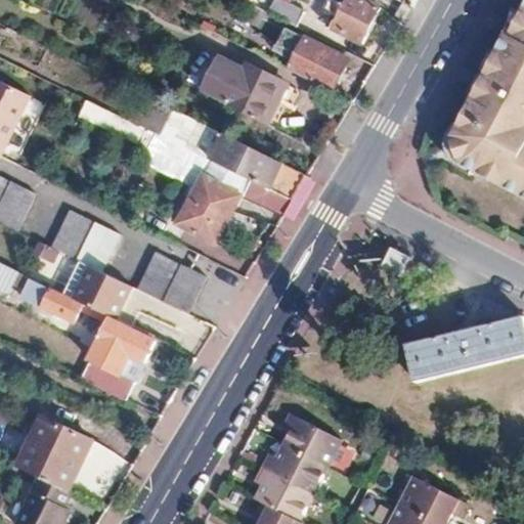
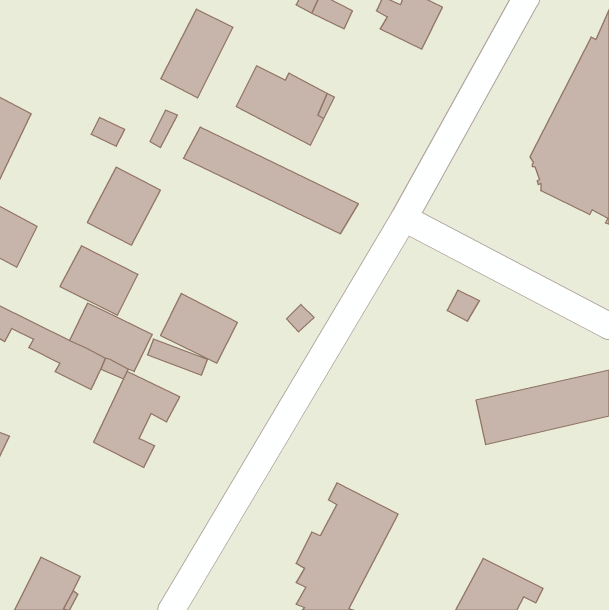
building: none -> [161,9,233,98]
building: [277,28,347,90] -> none
building: [176,175,238,242] -> [87,167,160,245]
building: [14,414,90,490] -> none

